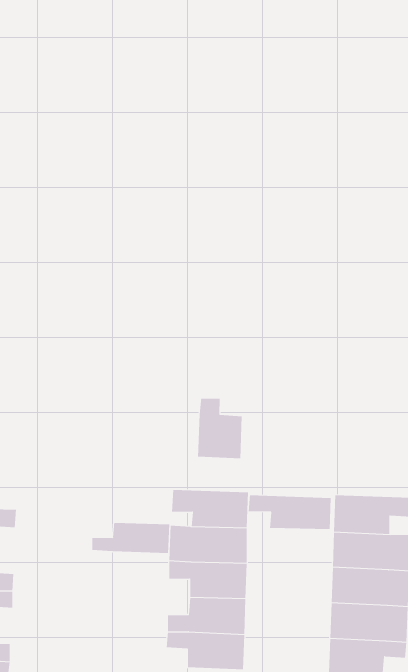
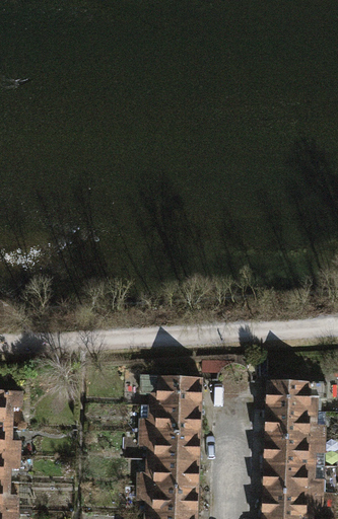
building: [198,398,242,459] -> none
building: [248,495,331,530] -> none
building: [92,522,170,554] -> none

